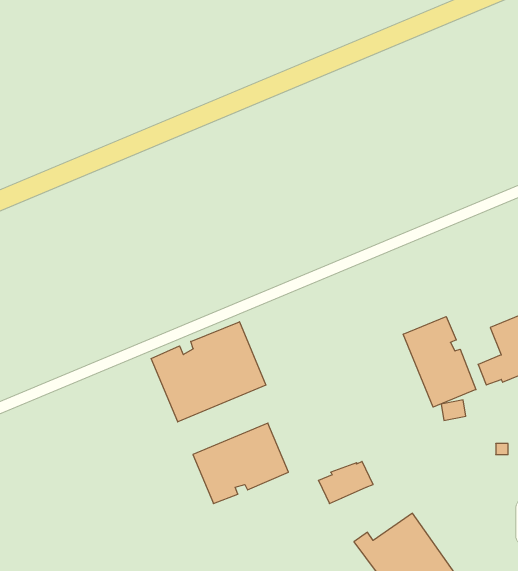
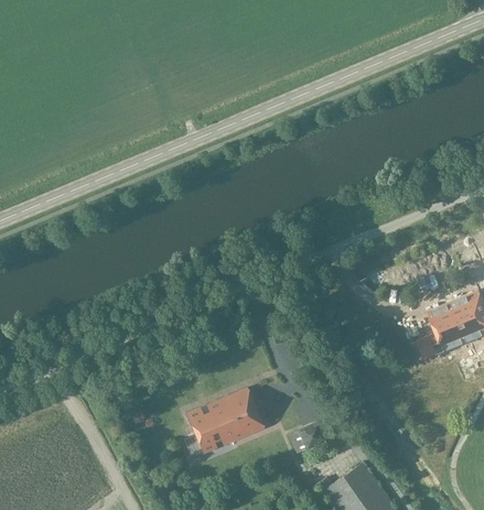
building: [403,317,476,407] -> none
building: [151,322,266,422] -> none

